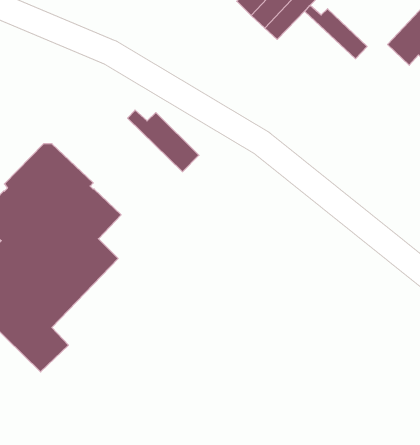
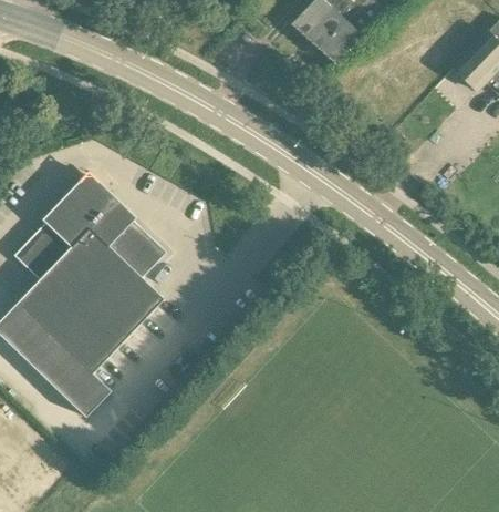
building: [305,5,367,59] -> none
building: [128,110,199,172] -> none

